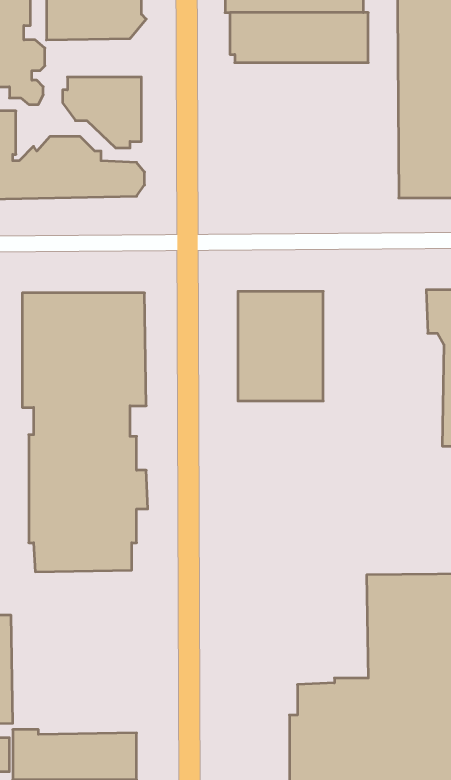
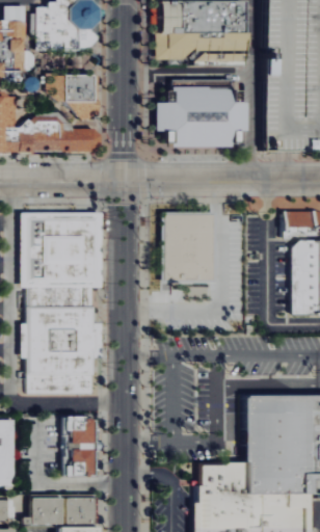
building: none -> [156,79,245,147]
building: none -> [60,416,94,475]

